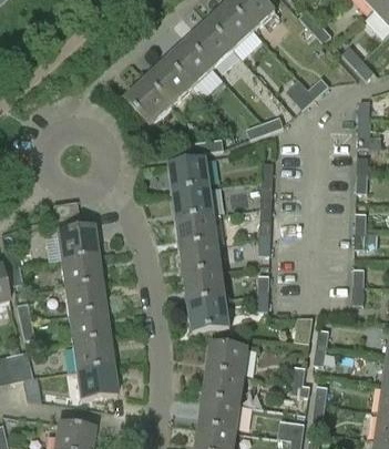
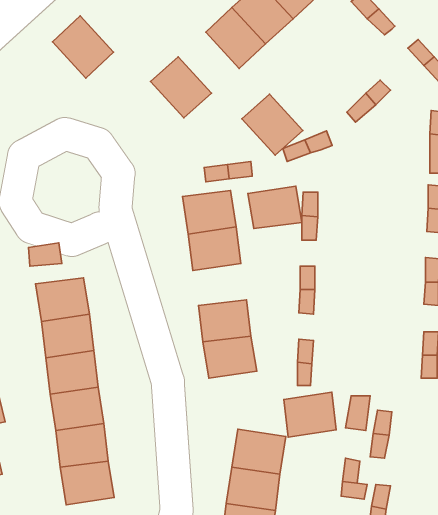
building: [166,40,213,86] -> [242,94,303,155]
building: [124,78,171,125] -> [52,16,113,78]
building: [177,216,218,248] -> [248,186,302,228]
building: [190,298,229,333] -> [284,392,336,437]

